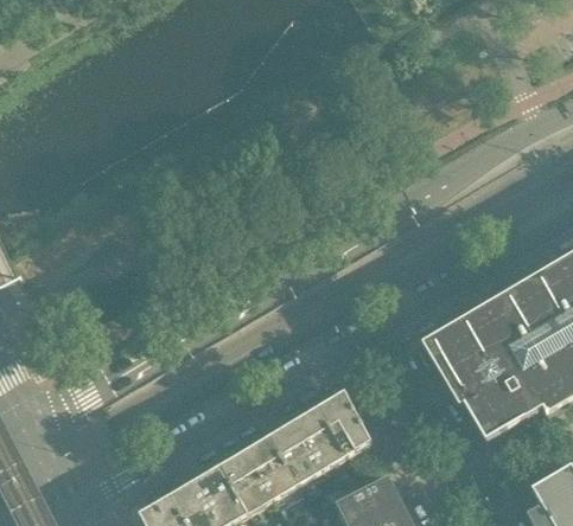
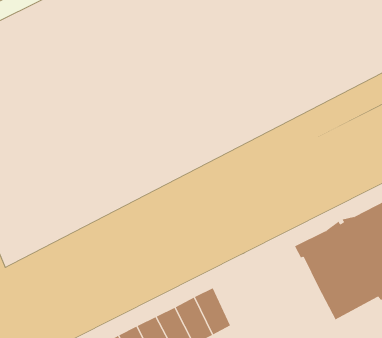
building: [319,389,371,454] -> none

